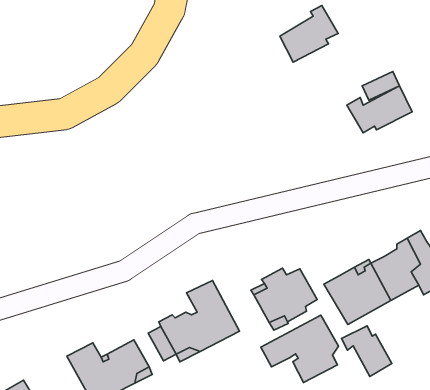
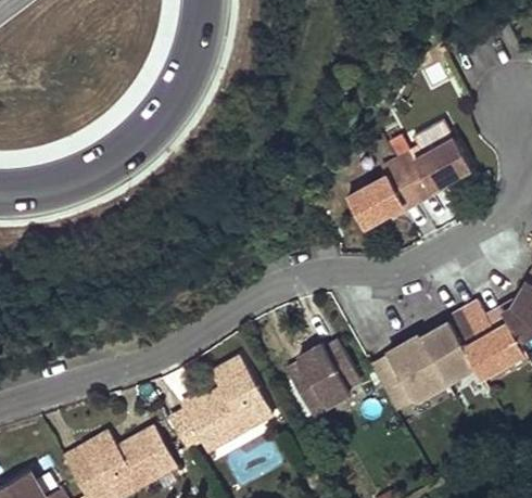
building: [280,6,338,62] -> [346,161,413,225]
building: [261,315,339,382] -> none
building: [342,326,392,376] -> none

